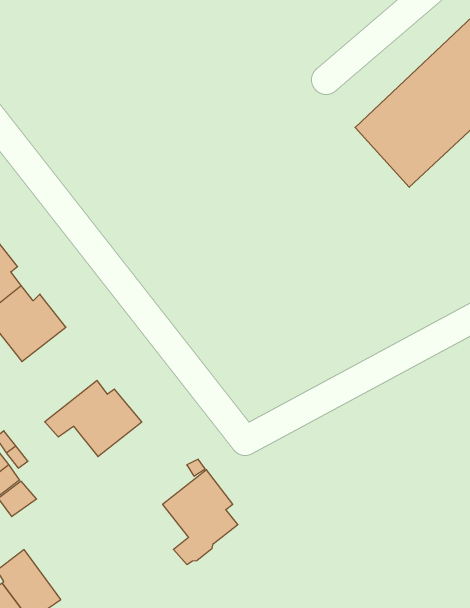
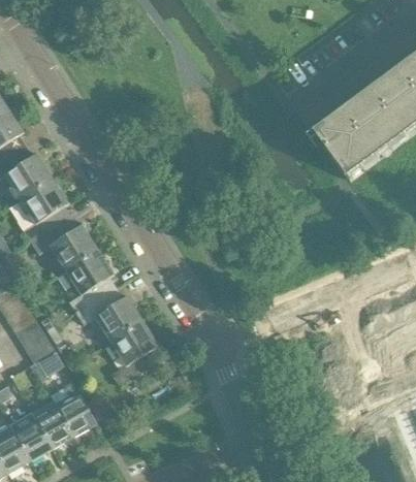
building: none -> [63,249,114,313]
building: [163,470,238,564] -> [108,320,159,384]
building: none -> [51,382,95,437]

